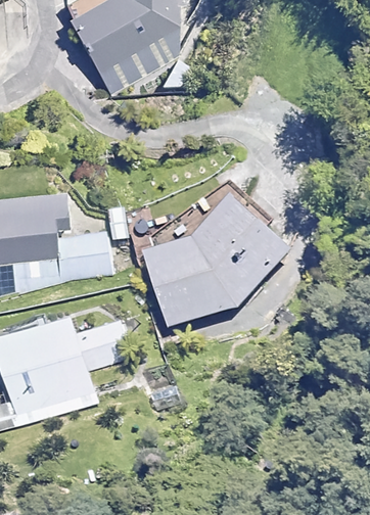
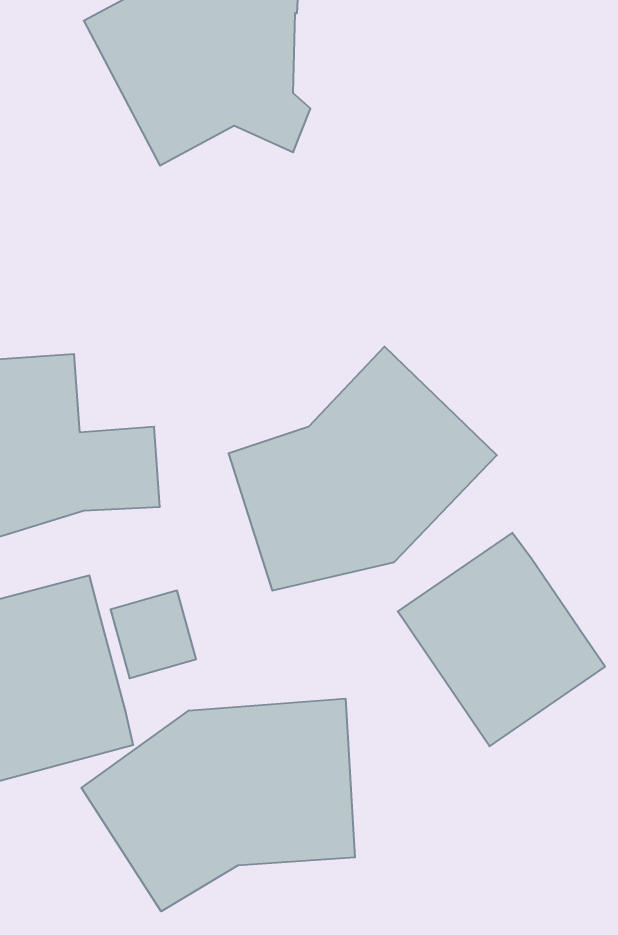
building: none -> [398,533,605,746]
building: none -> [81,699,355,911]

